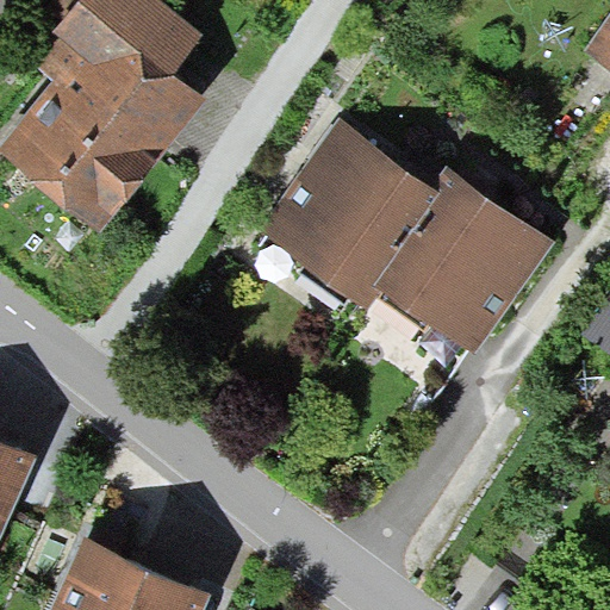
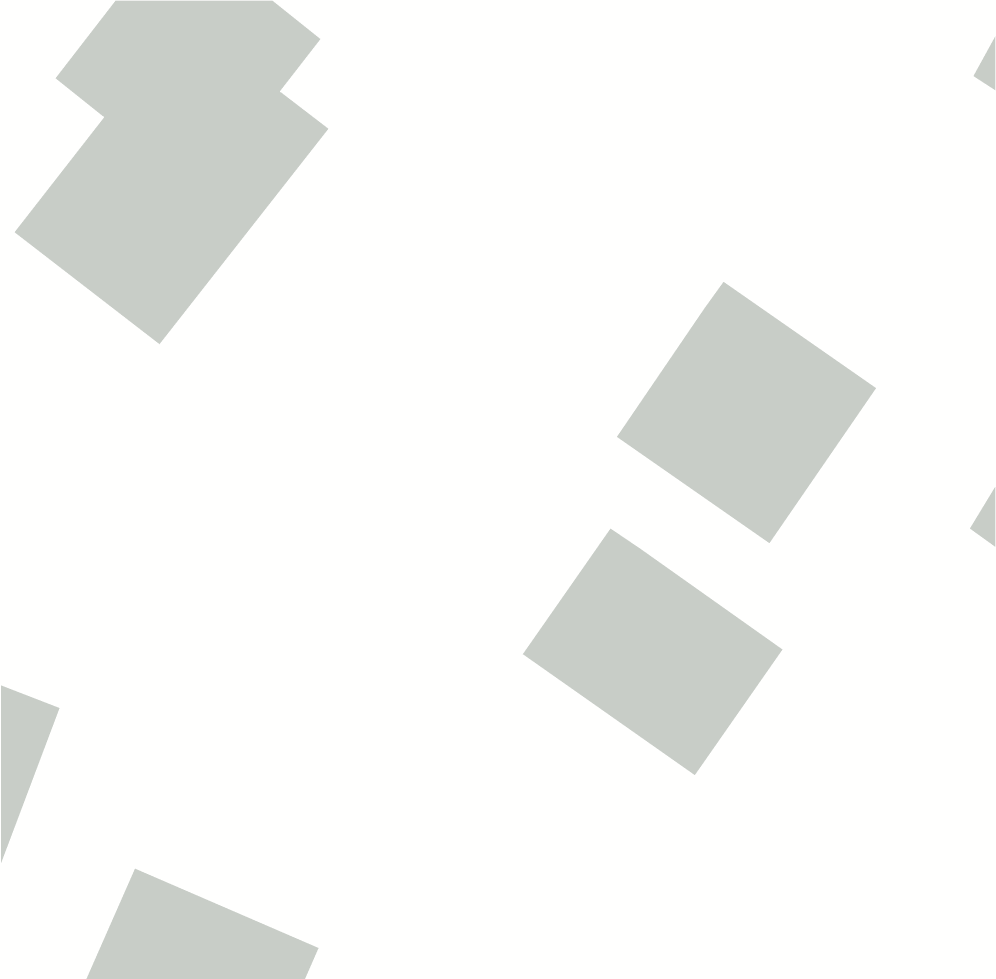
building: [263,133,430,304] -> none
building: none -> [522,527,784,776]

